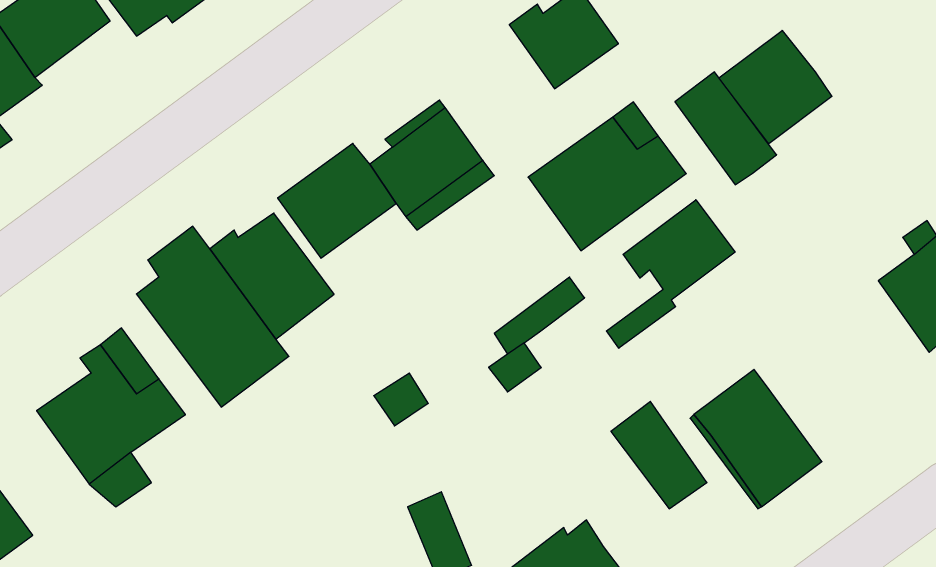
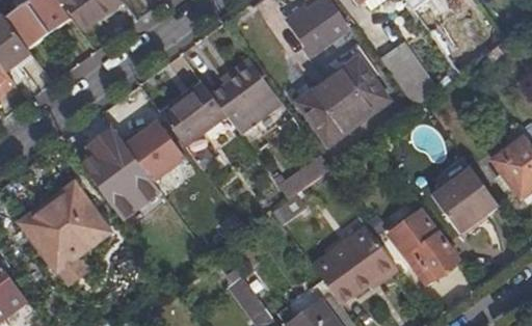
building: [719,30,832,144] -> none
building: [606,200,735,348] -> none
building: none -> [431,167,499,233]
building: none -> [311,243,376,306]

